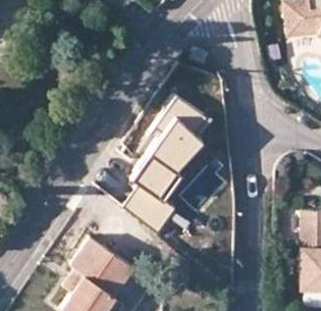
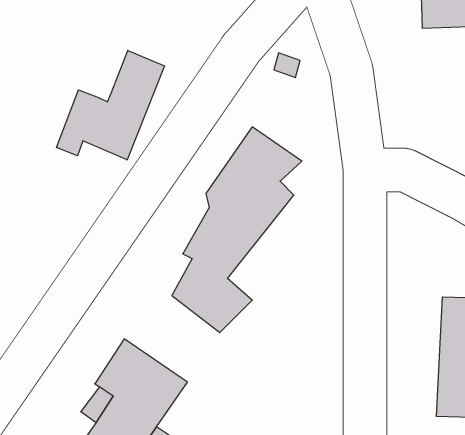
building: none -> [57,50,164,160]

